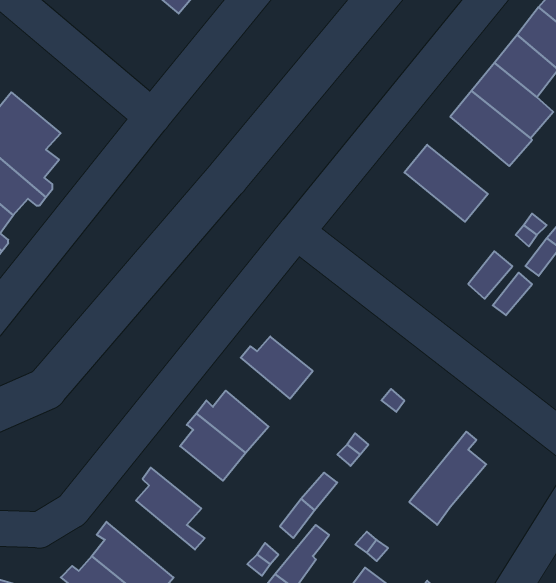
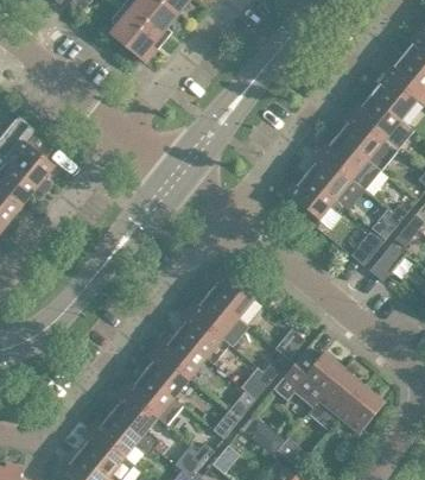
building: none -> [321,134,380,190]
building: none -> [287,175,348,220]
building: none -> [207,269,254,318]
building: none -> [175,309,228,364]
building: none -> [273,352,343,408]
building: none -> [120,373,180,425]
building: none -> [337,386,383,434]
building: none -> [88,412,152,457]

